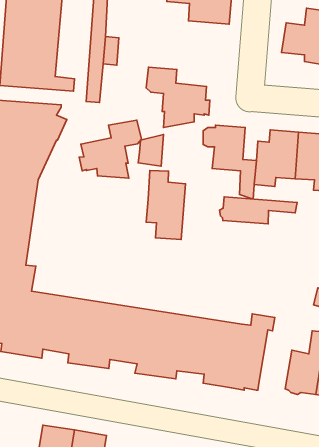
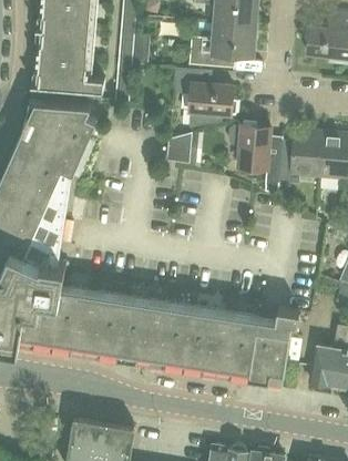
building: none -> [188,23,255,68]
building: [79,120,141,178] -> none
building: [146,171,186,240] -> none
building: [220,197,297,224] -> none

